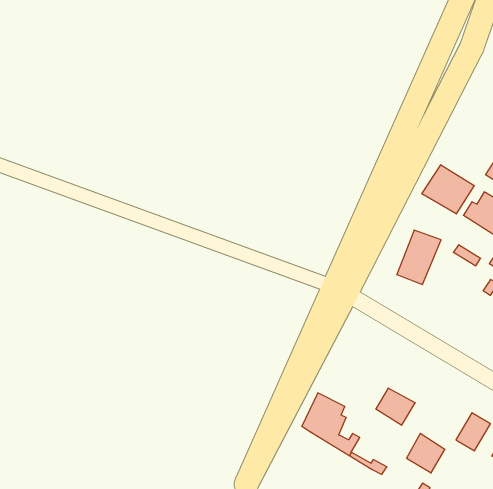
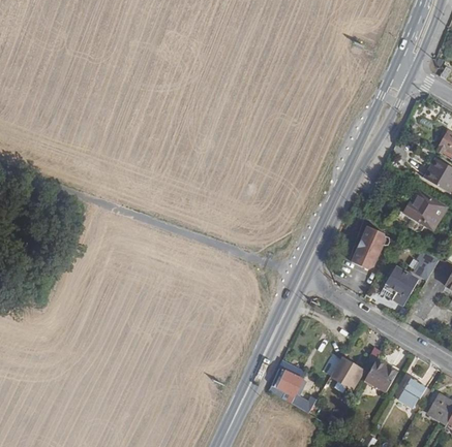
building: [422,165,474,214] -> none
building: none -> [385,265,418,305]
building: [407,433,445,473] -> [365,358,397,391]

